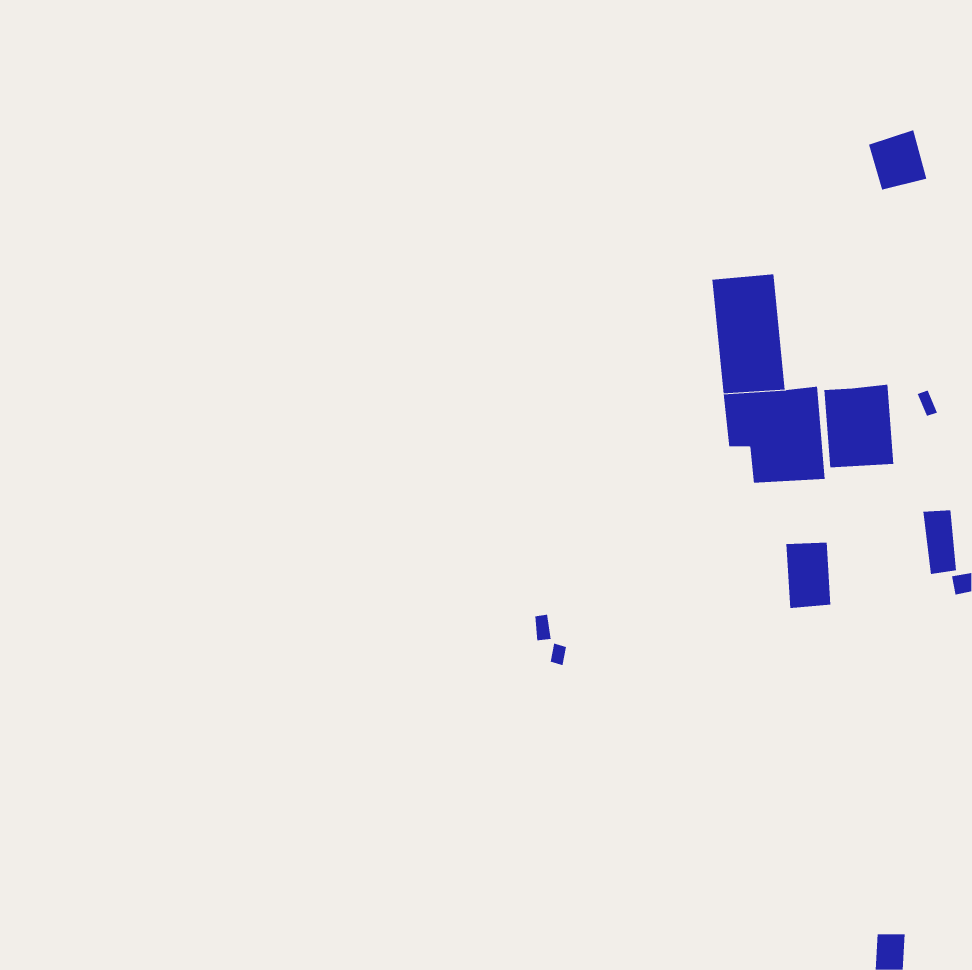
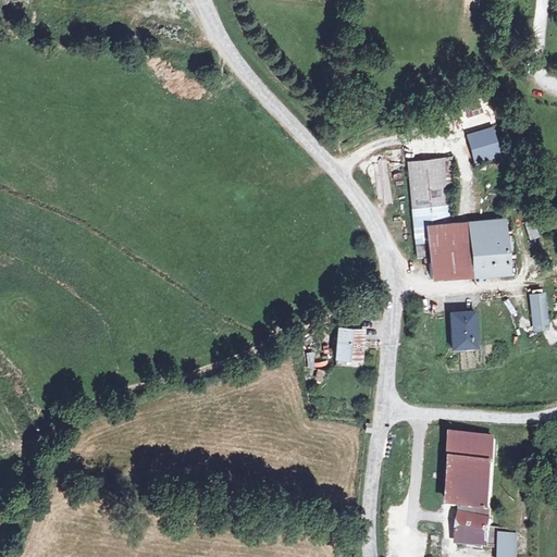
building: [868,129,927,190] -> [467,126,500,161]
building: none -> [336,327,362,358]
building: none -> [454,435,499,545]

